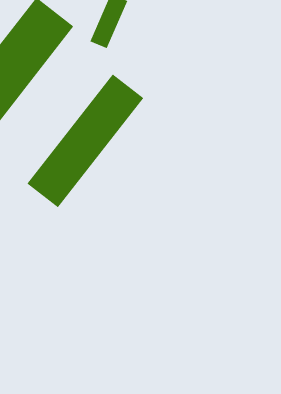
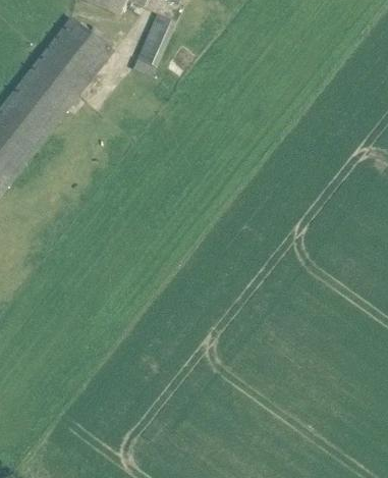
building: [27,74,144,208] -> none

